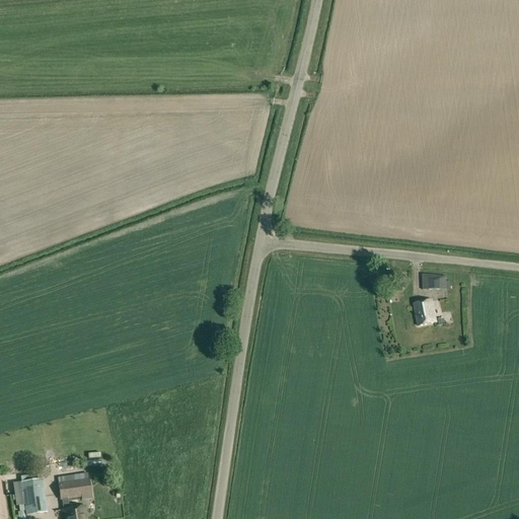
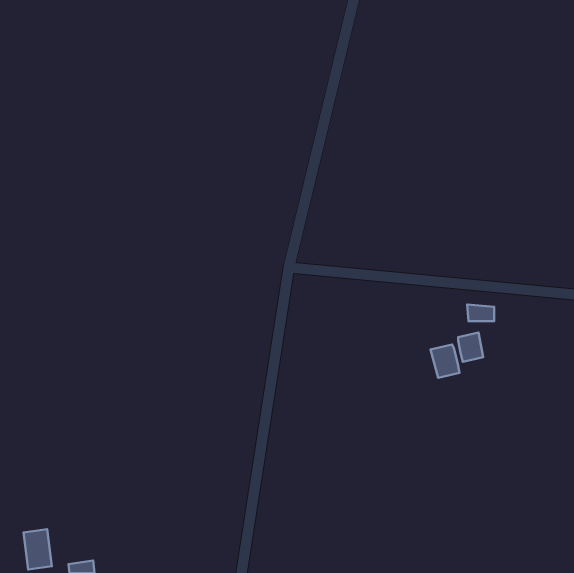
building: none -> [431,345,459,378]
building: [57,472,90,500] -> none

